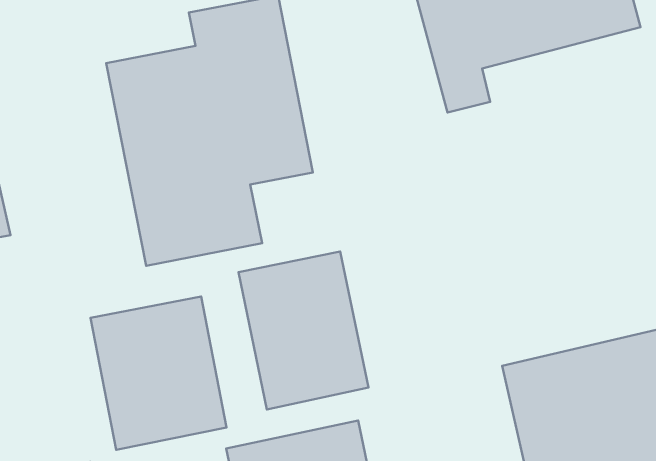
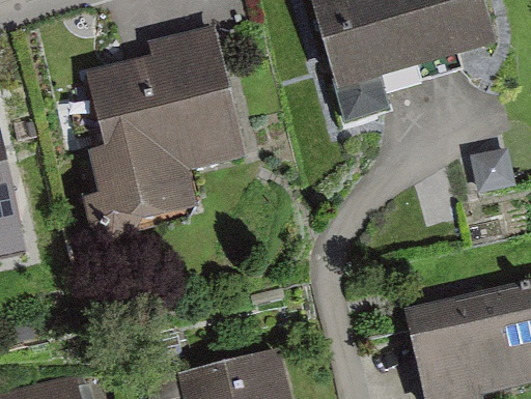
building: [238,252,368,409] -> none
building: [90,297,227,450] -> none

